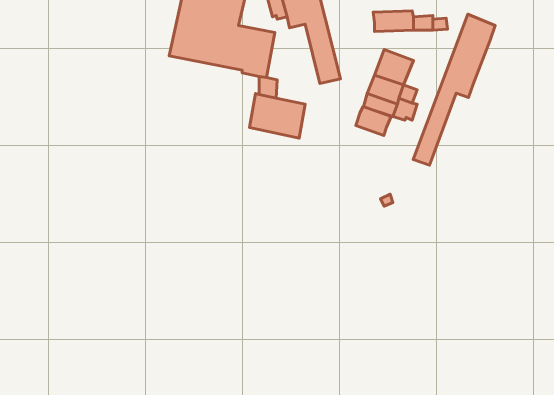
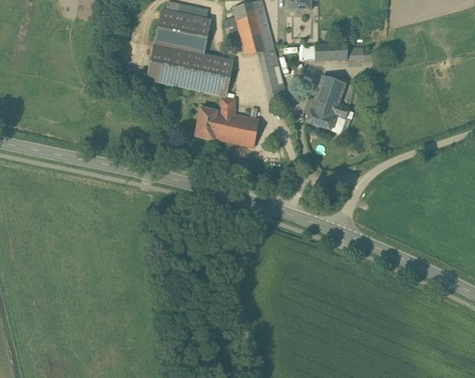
building: [413,14,495,165] -> none
building: none -> [194,107,216,139]
building: [356,107,391,136] -> none

